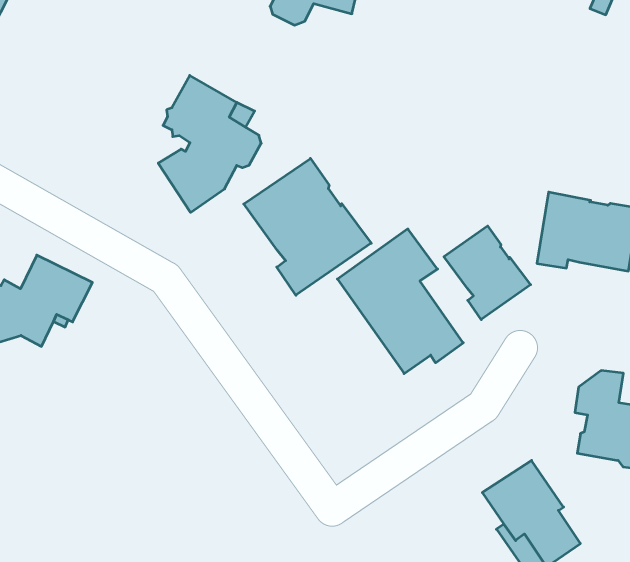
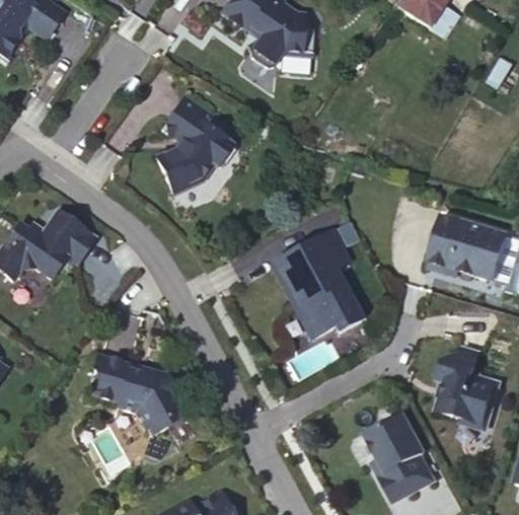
building: [244,158,371,295] -> none
building: [444,226,531,320] -> none
building: none -> [90,354,189,435]

